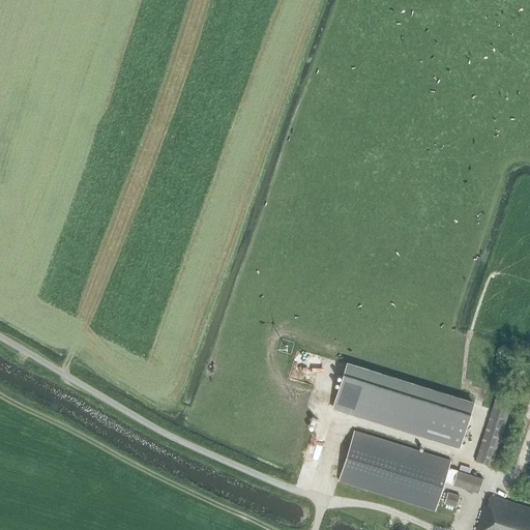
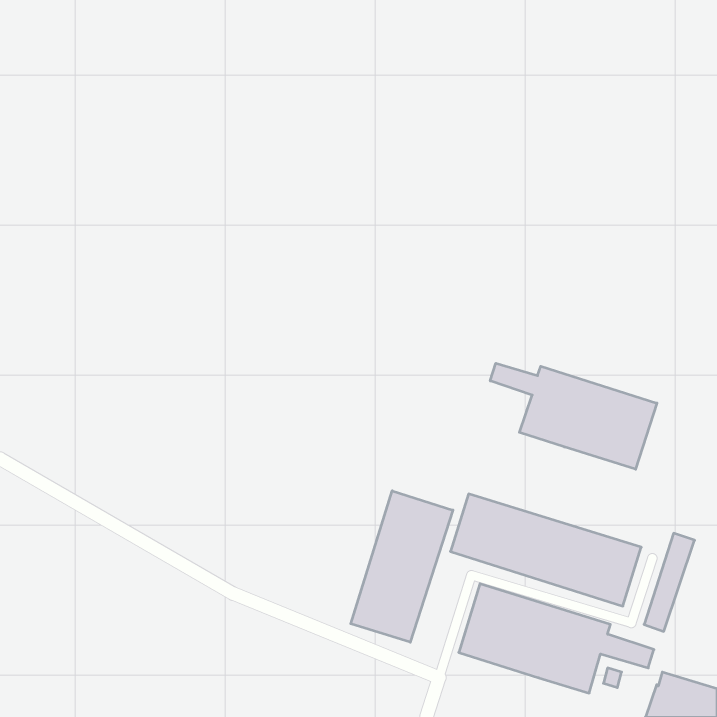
building: none -> [490,363,657,469]
building: none -> [351,491,453,642]

